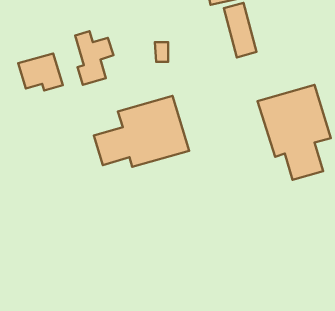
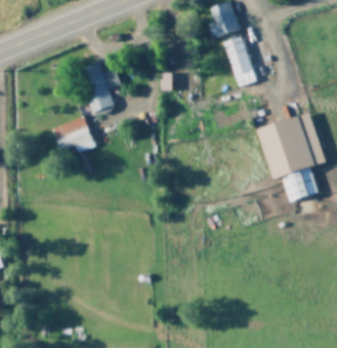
building: [18,53,63,91] -> [53,117,95,152]
building: [94,96,189,167] -> none

